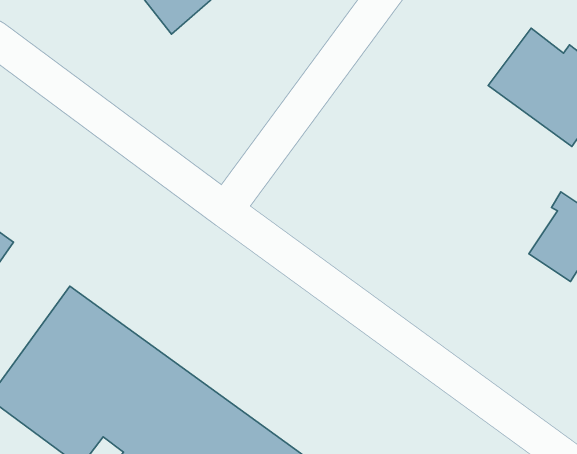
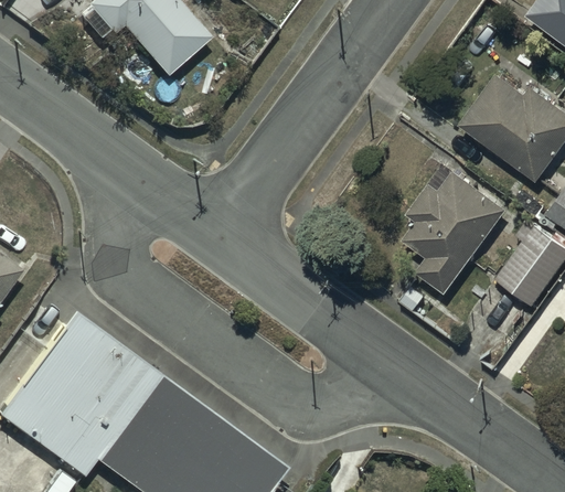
building: none -> [403,170,507,292]

